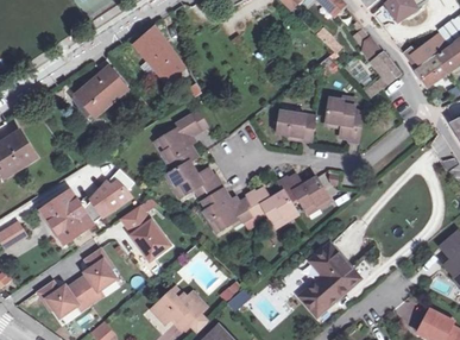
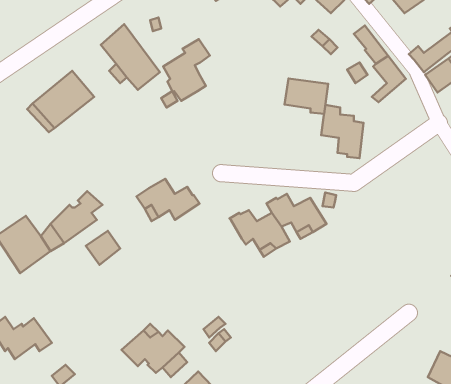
building: [277,111,315,141] -> [284,78,328,114]
building: [160,115,201,169] -> [163,39,210,101]
building: [201,188,257,229] -> none
building: [133,221,169,260] -> none
building: [300,244,360,316] -> none
building: [76,248,115,303] -> none

